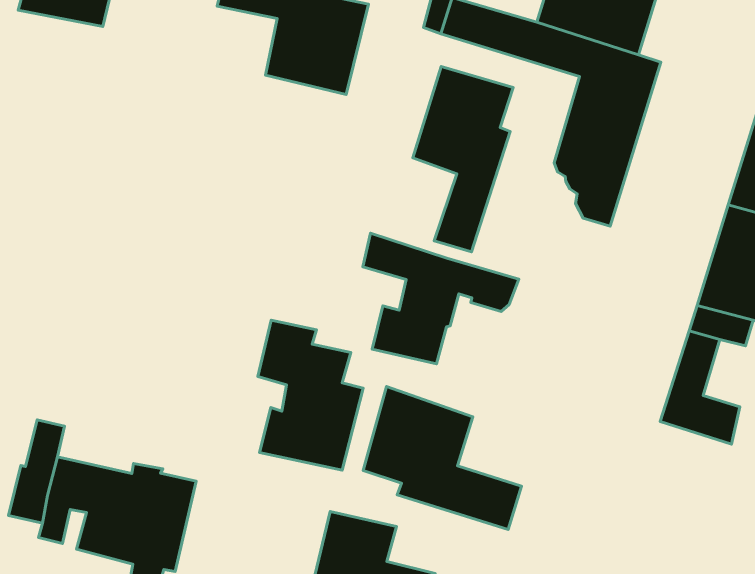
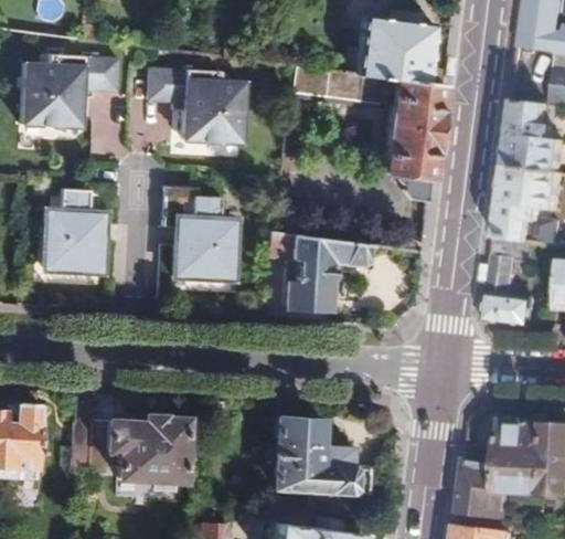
building: [413,66,513,252] -> none
building: none -> [44,184,119,273]
building: [258,320,363,470] -> [164,189,235,279]
building: [363,386,521,529] -> none

